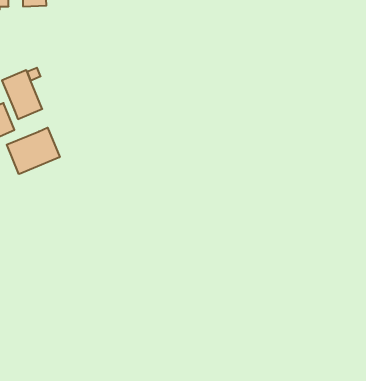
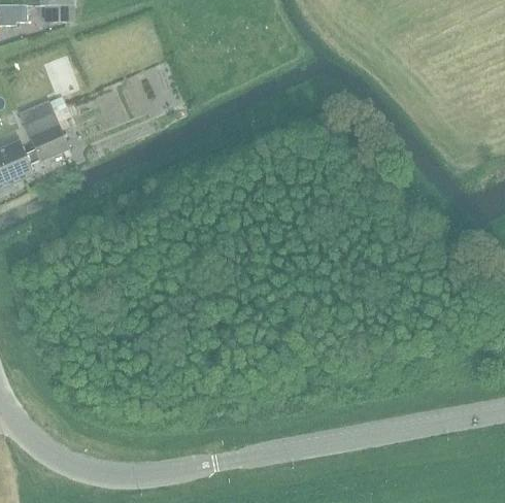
building: [7,128,60,174] -> none

